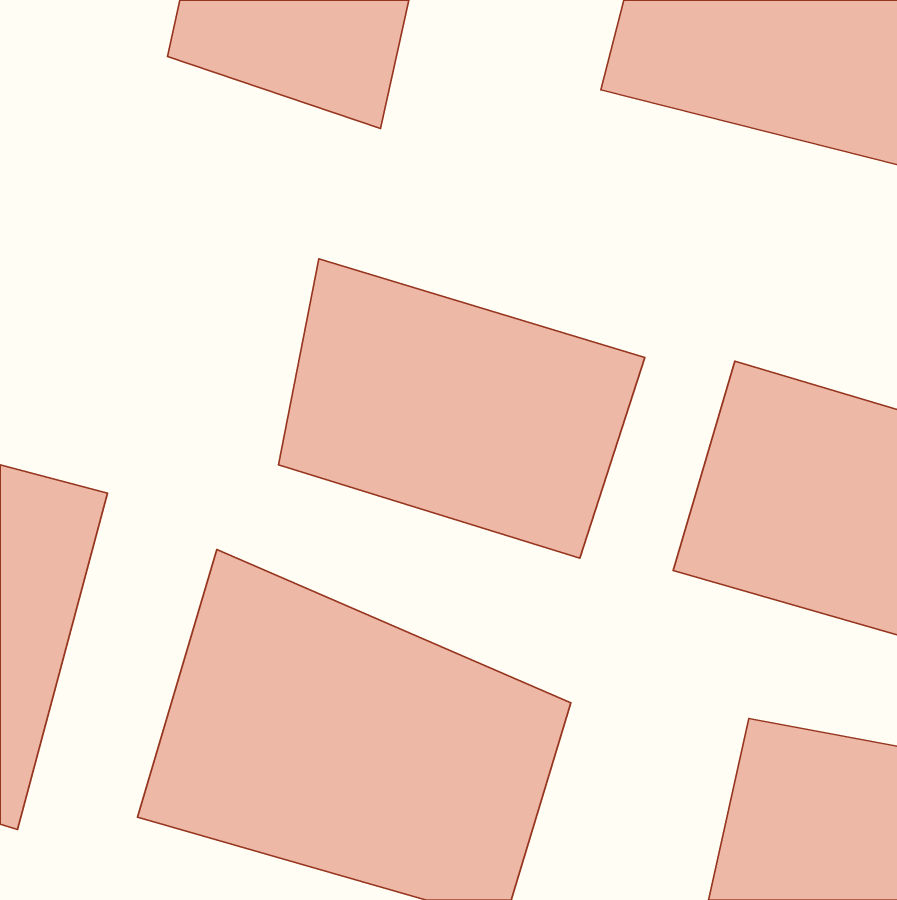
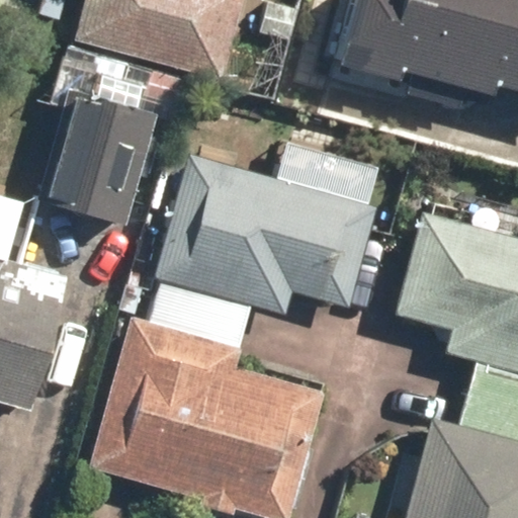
building: none -> [38,90,161,218]

